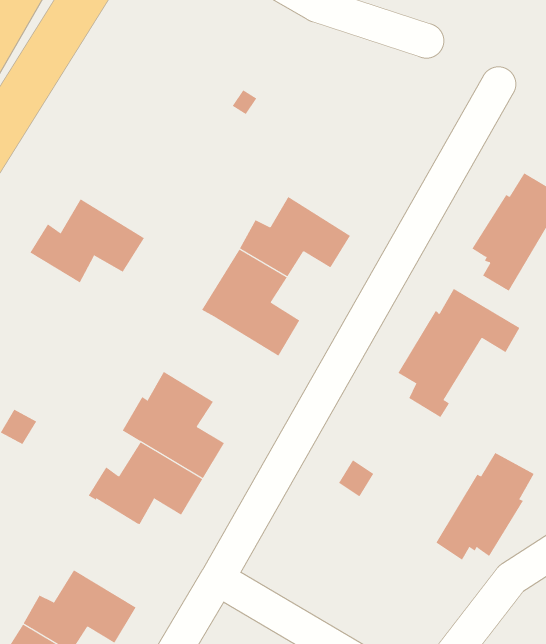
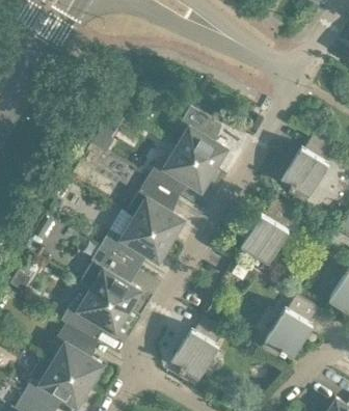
building: none -> [176,107,225,171]
building: [30,198,145,283] -> [104,218,170,267]
building: none -> [172,317,224,385]
building: none -> [52,323,101,385]

